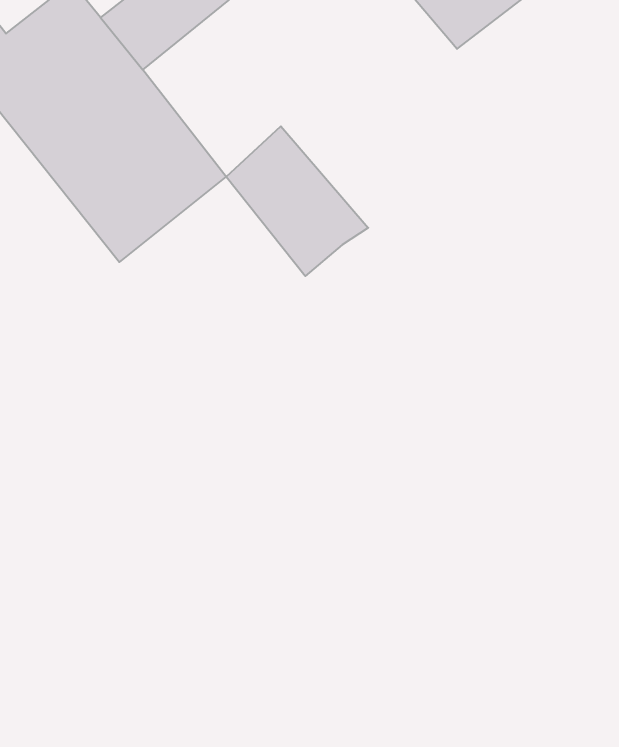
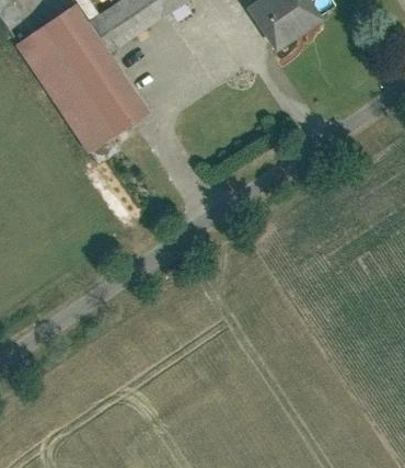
building: [226,126,368,276] -> none

